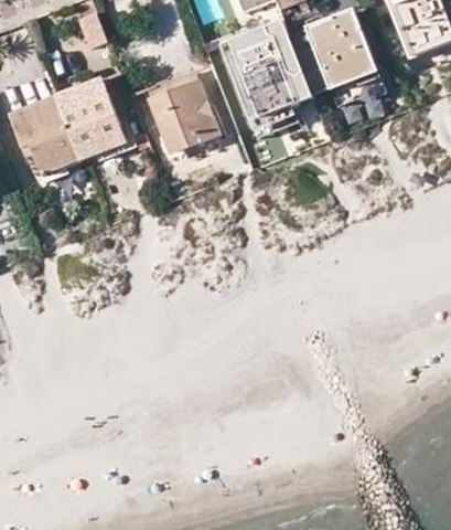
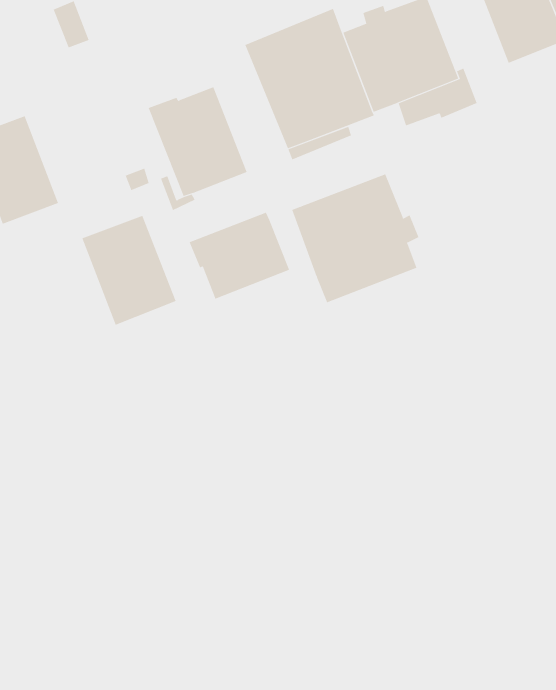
building: [61,77,129,157] -> [81,215,177,326]
building: none -> [291,174,419,303]
building: none -> [189,212,290,300]

